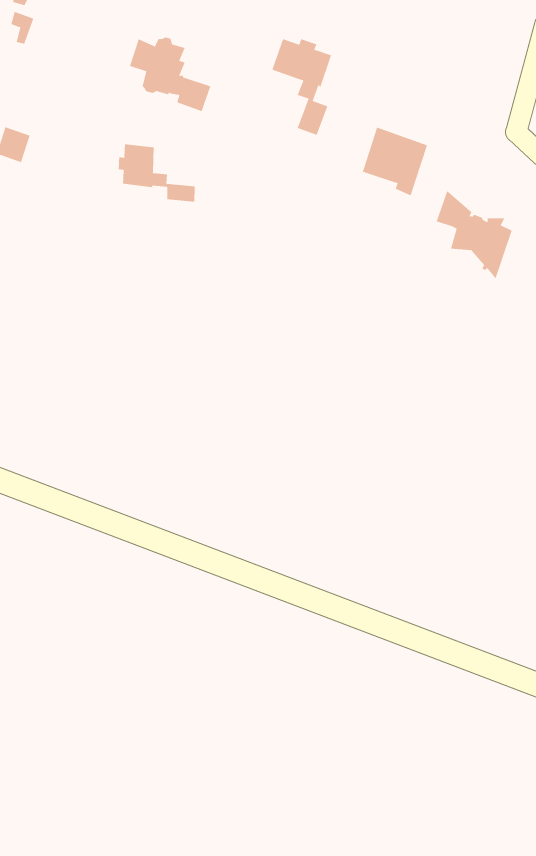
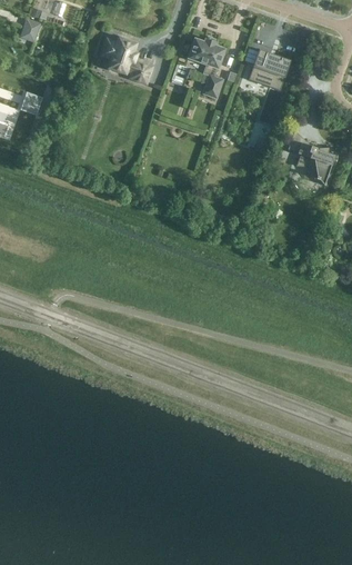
building: [360,127,428,196] -> [249,48,290,90]
building: [118,143,195,203] -> none

